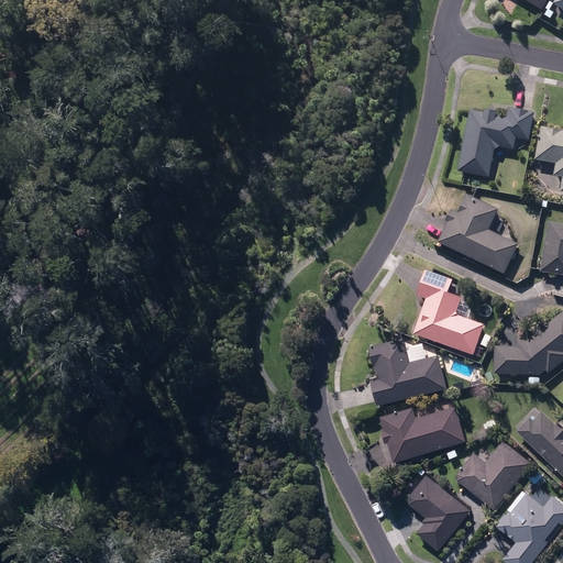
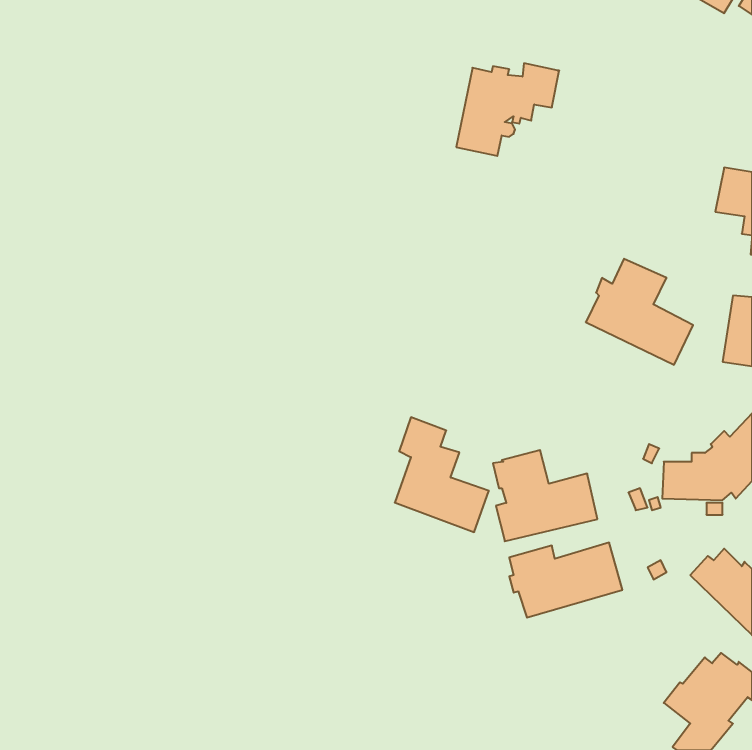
building: [457,106,534,175] -> [456,63,559,156]
building: [413,268,484,354] -> [395,417,489,532]
building: [454,440,531,510] -> none
building: [409,475,471,550] -> none

